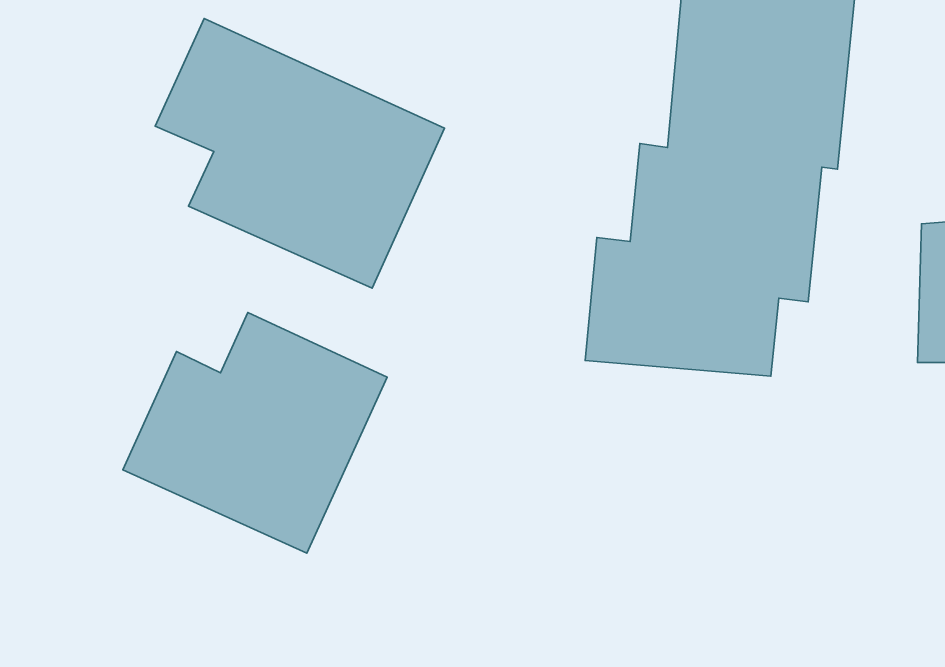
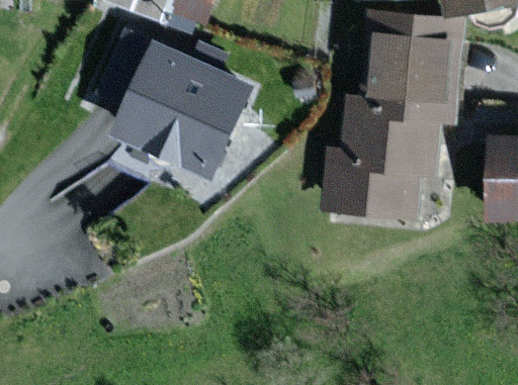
building: [123,312,387,553] -> none

